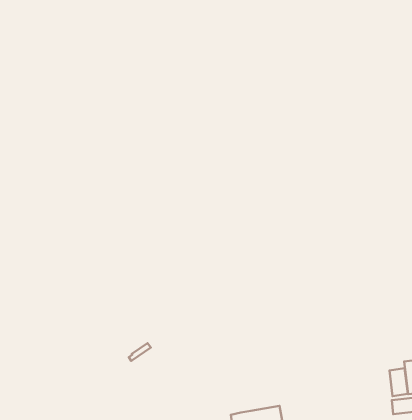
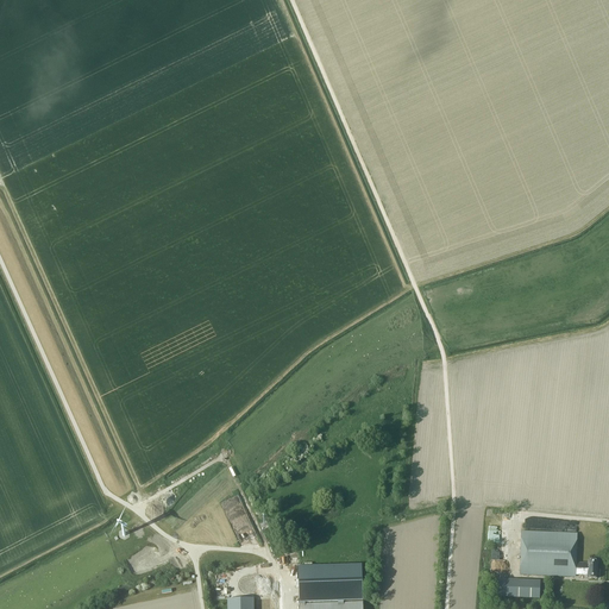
building: [389,368,408,396] -> none

